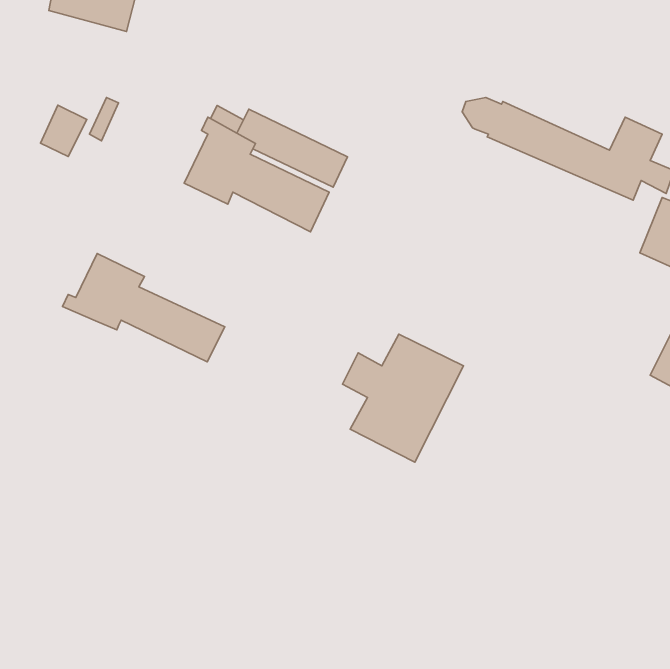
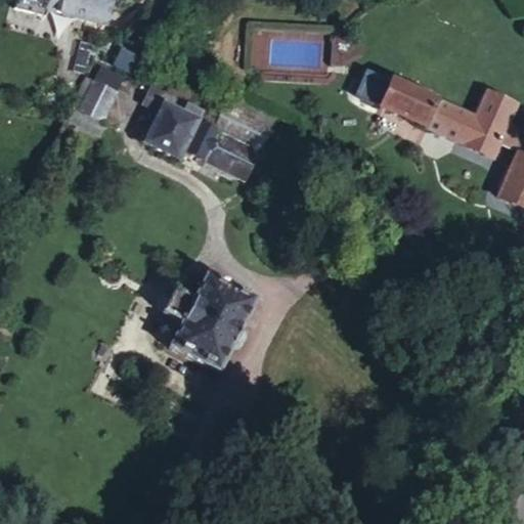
building: [41,105,87,156] -> [81,80,117,120]
building: [62,254,225,362] -> none
building: [342,334,463,462] -> [163,273,257,373]

